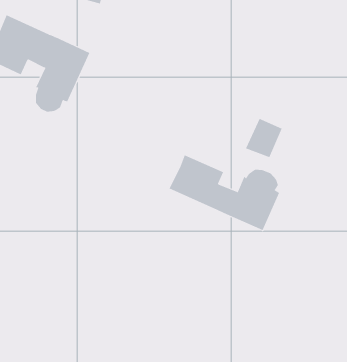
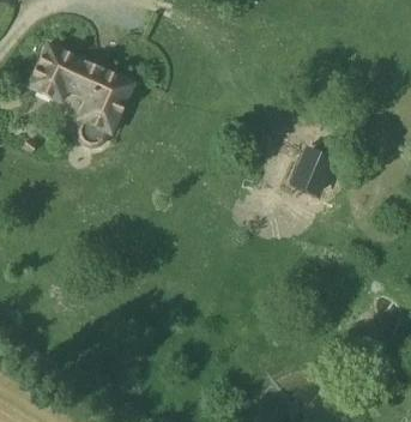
building: [169,155,280,231] -> none

